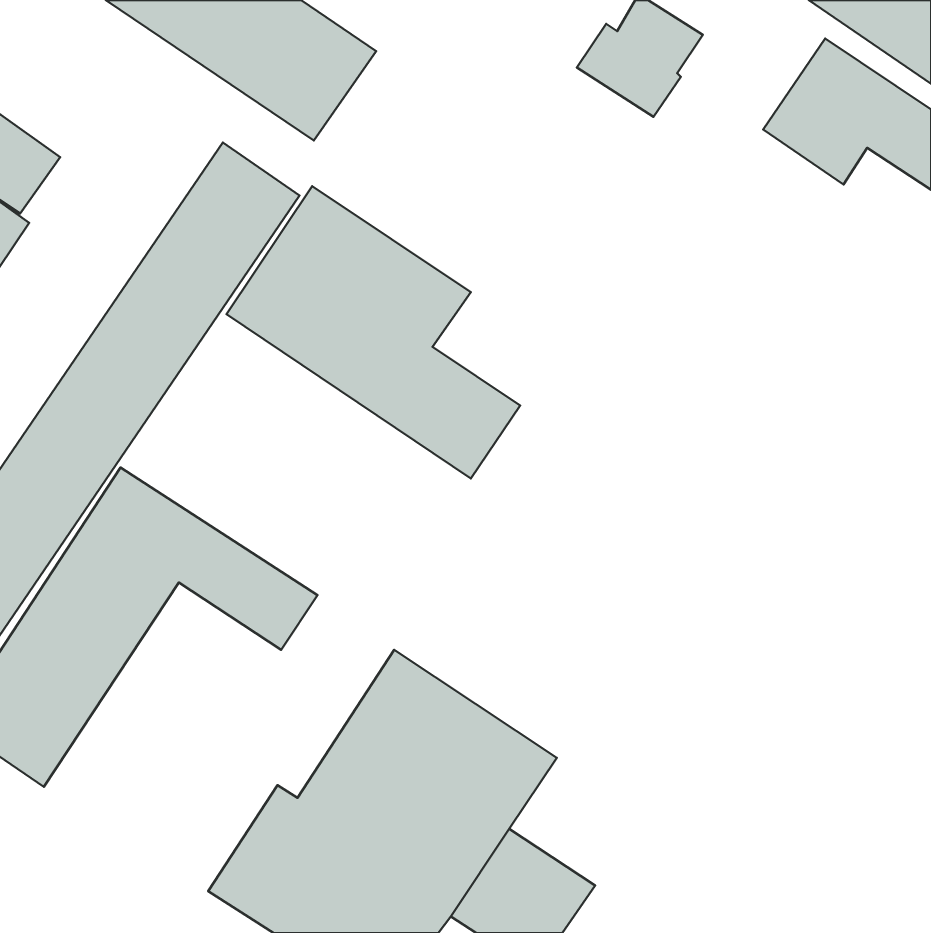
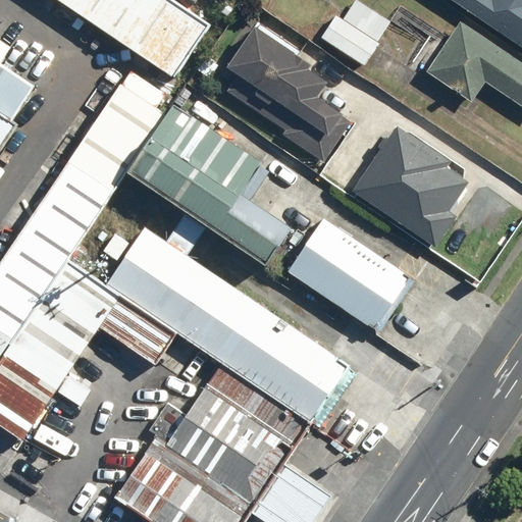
building: none -> [225,25,353,162]
building: none -> [352,126,469,248]
building: none -> [289,218,411,329]
building: none -> [106,226,350,421]

